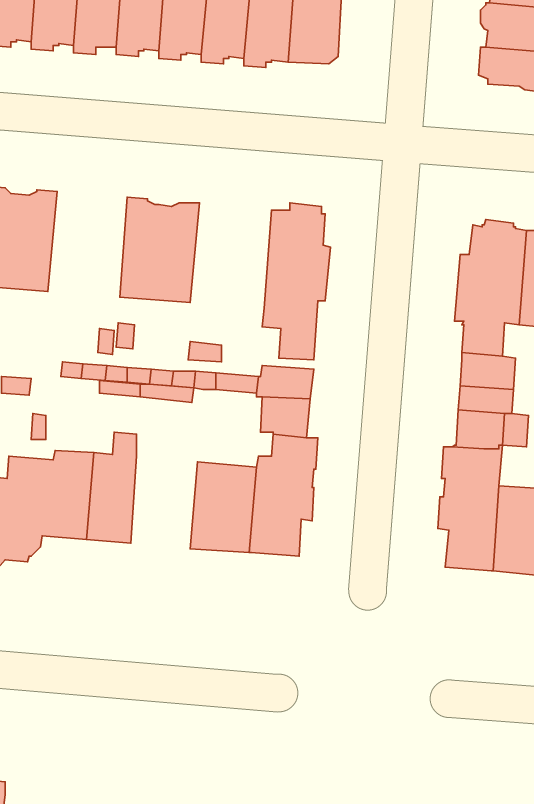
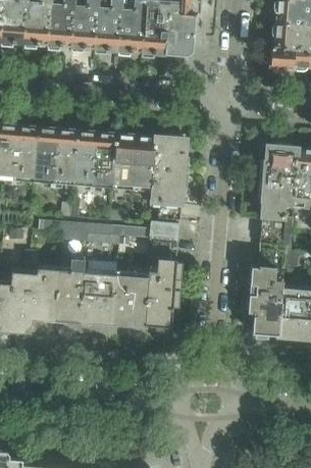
building: none -> [33,126,76,185]
building: none -> [111,133,156,191]
building: none -> [79,272,115,323]

